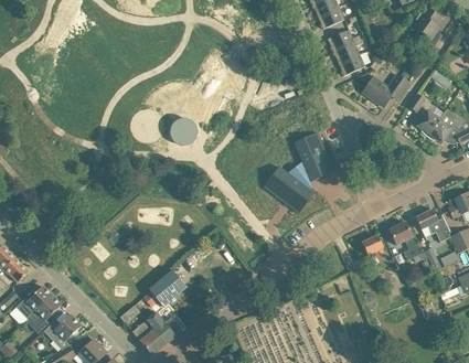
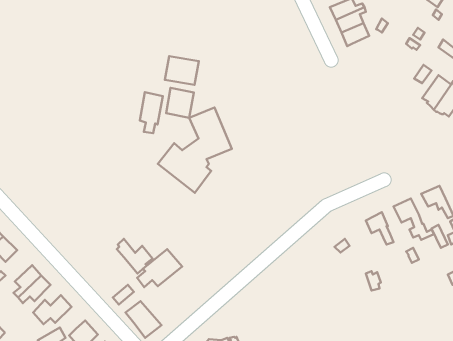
building: [362,76,409,107] -> none
building: none -> [165,56,199,85]
building: none -> [140,92,163,133]
building: [264,132,334,214] -> [158,107,232,193]
building: [147,310,181,343] -> [117,239,153,273]

